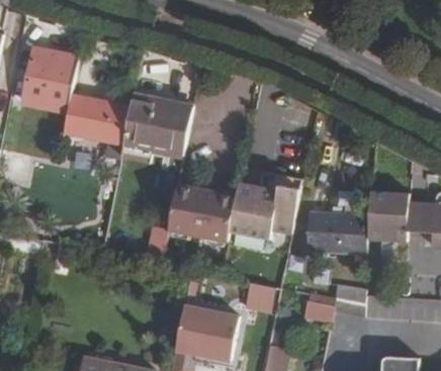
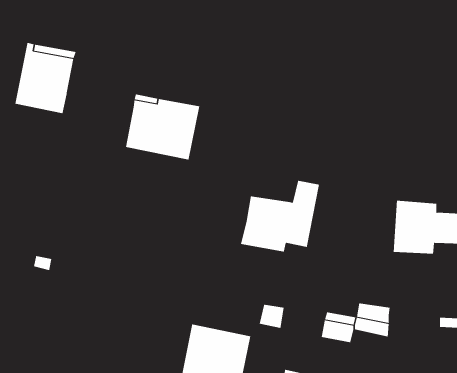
building: [63,94,130,144] -> none
building: [168,182,237,242] -> none
building: [305,212,367,253] -> none

